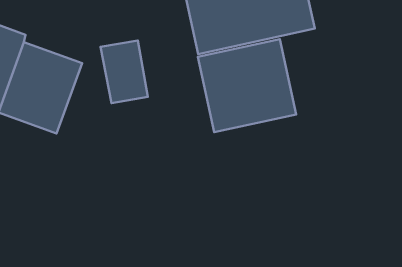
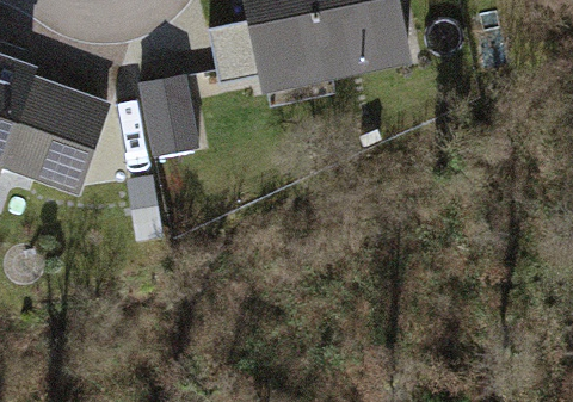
building: [198,39,296,132] -> none

